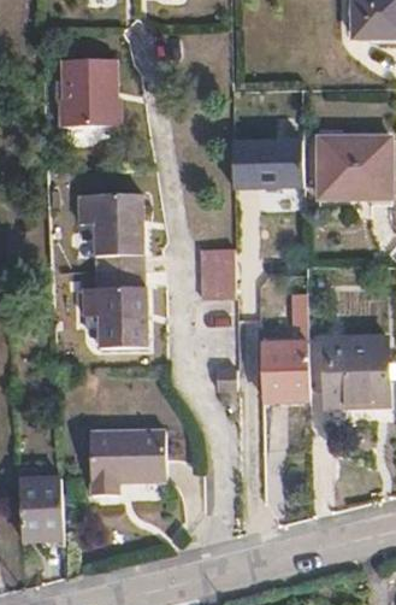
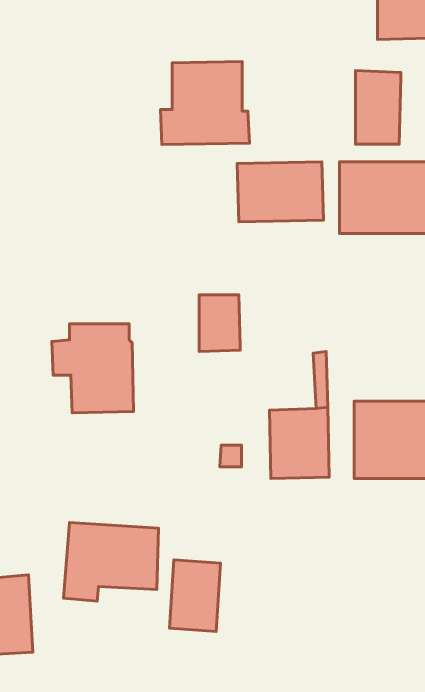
building: [46,57,119,125] -> [160,61,249,145]
building: none -> [355,71,401,144]
building: [77,195,143,271] -> none
building: none -> [169,560,221,632]

